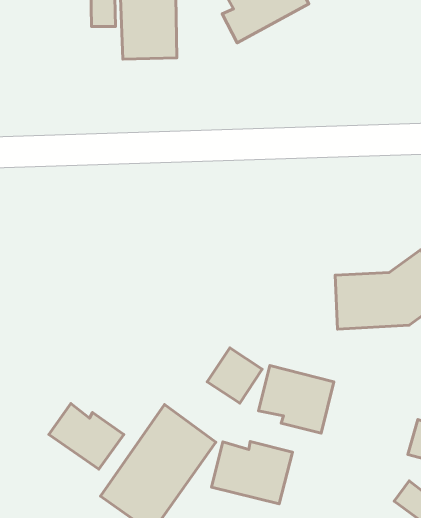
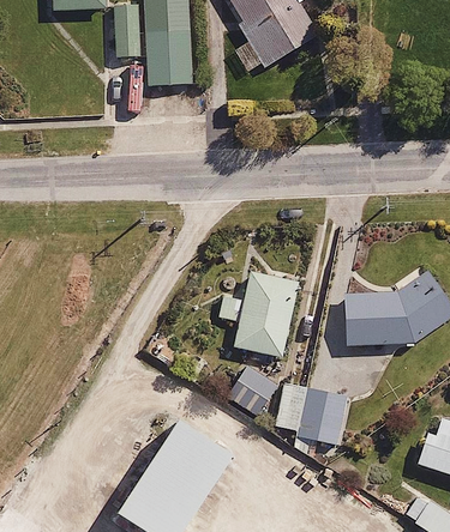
building: none -> [216,271,299,358]
building: [49,404,124,469] -> none
building: [212,442,292,504] -> none

